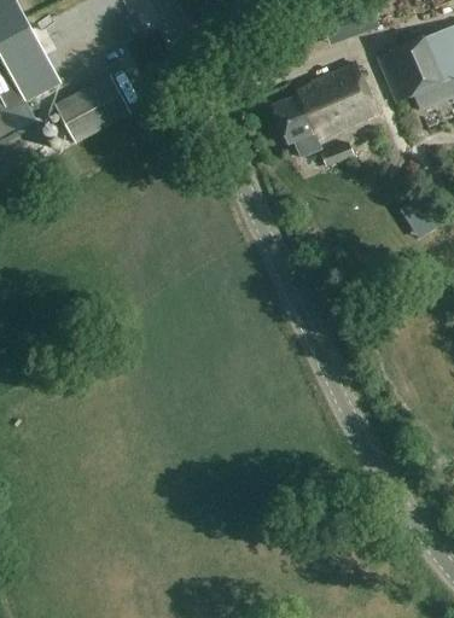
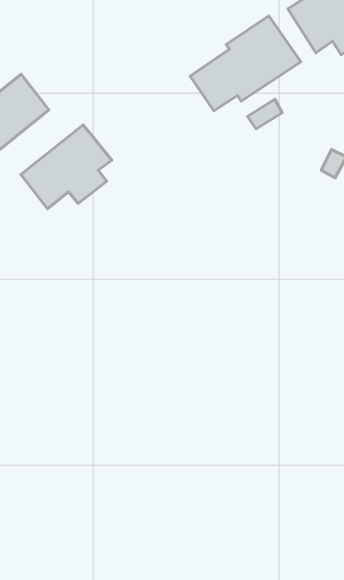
building: none -> [21,125,112,209]

